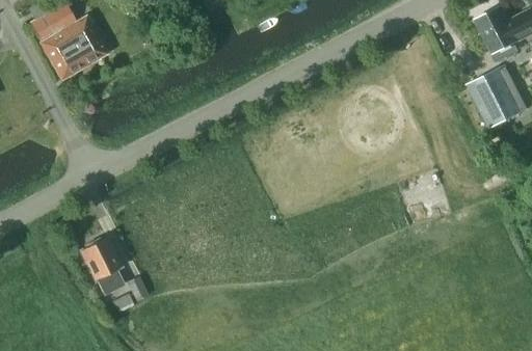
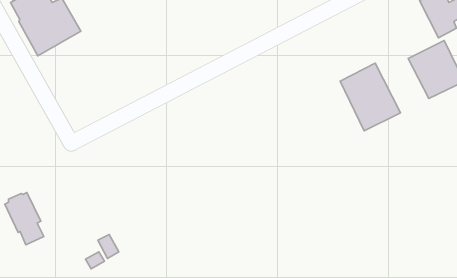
building: none -> [340,63,400,131]
building: [81,237,124,294] -> [5,193,44,245]

